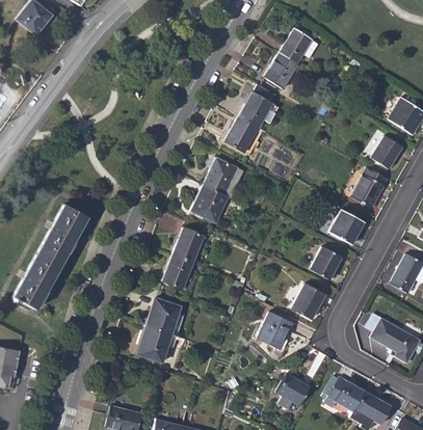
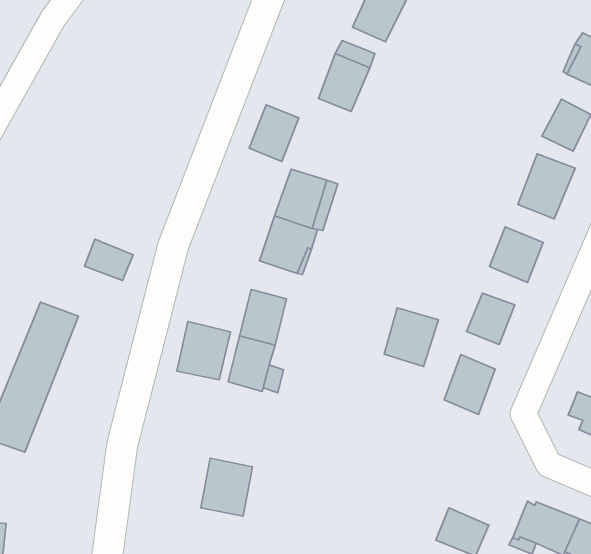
building: [226,117,258,153] -> [249,105,299,161]
building: [56,204,86,231] -> [84,239,133,280]
building: [147,297,182,334] -> [177,322,231,380]
building: [258,312,293,349] -> [384,308,438,367]

